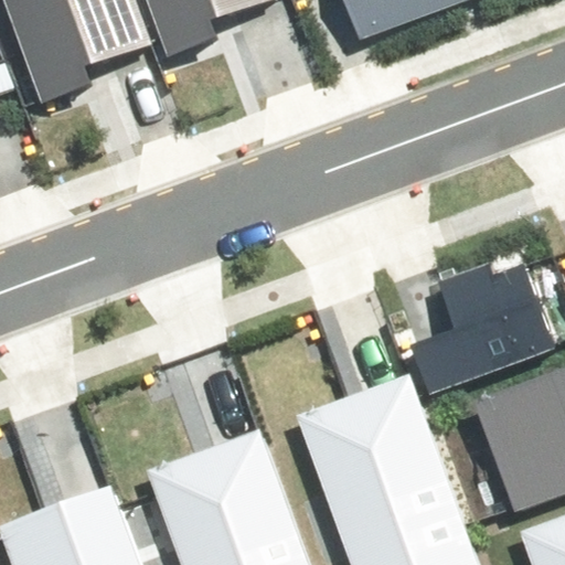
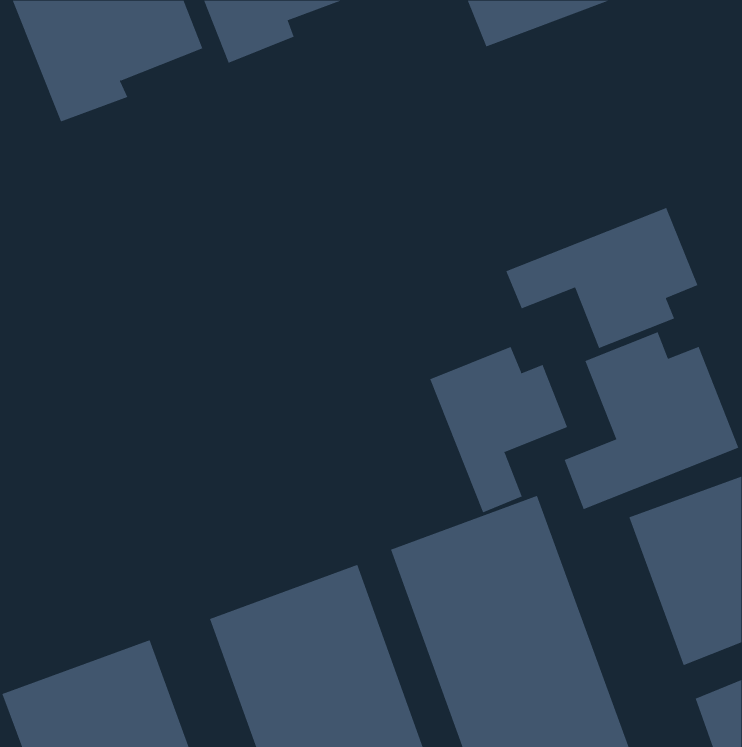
building: none -> [505,207,698,349]
building: none -> [430,346,568,513]

